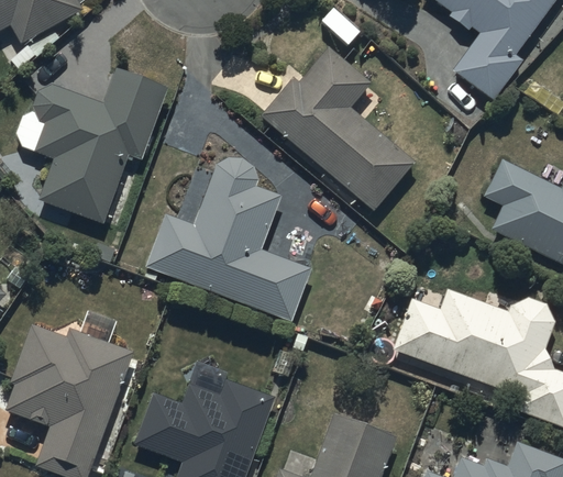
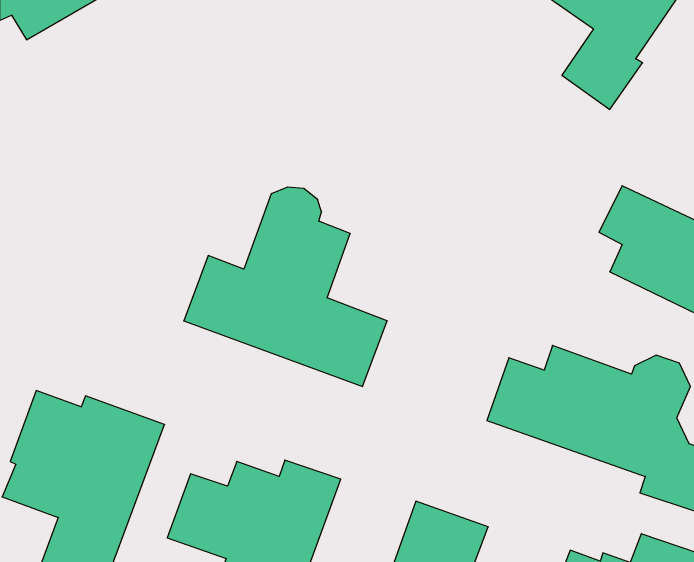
building: [263,51,413,212] -> none
building: [31,69,169,229] -> none

